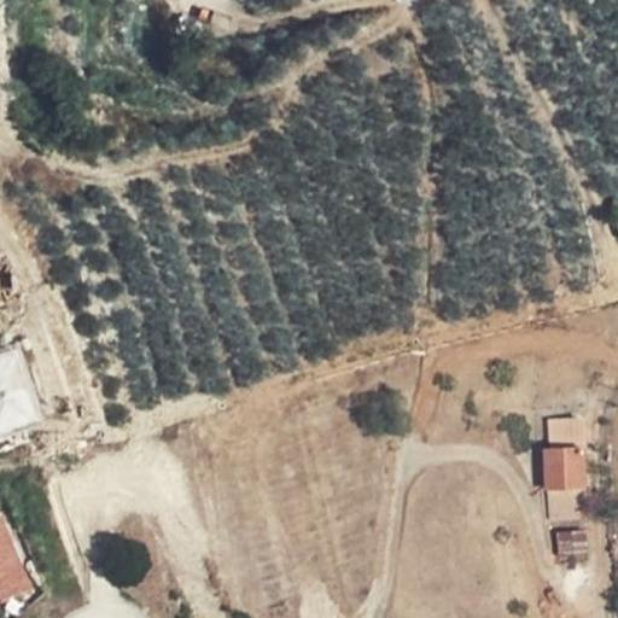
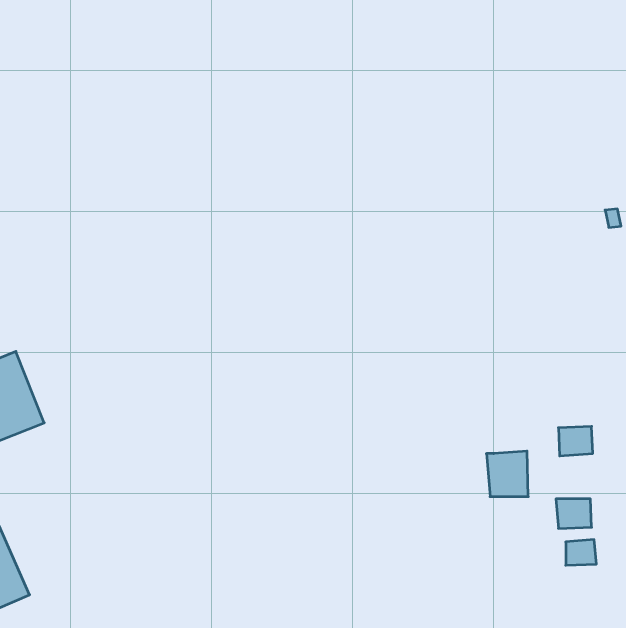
building: [542,445,583,490] -> [486,451,528,497]

